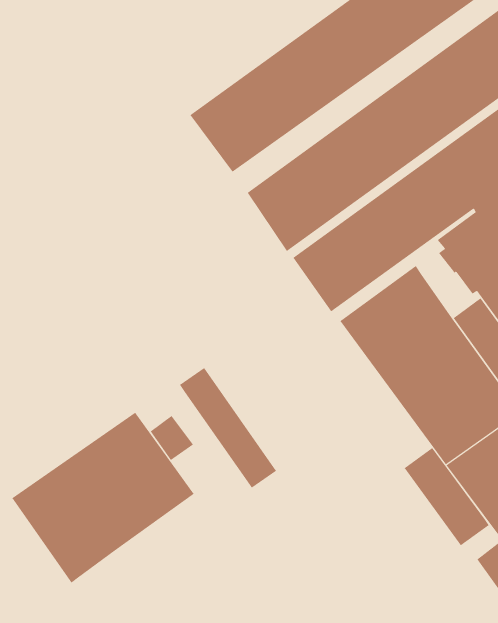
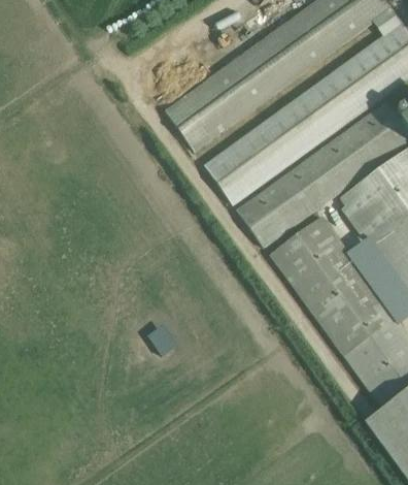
building: [179,367,277,488] -> none
building: [12,412,194,584] -> none
building: [404,447,490,546] -> none

